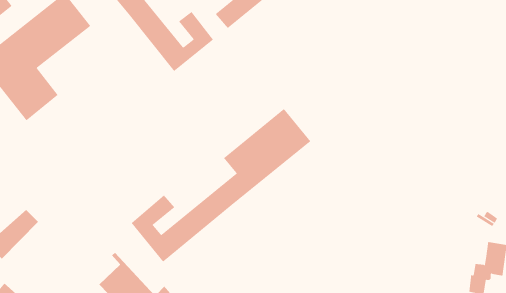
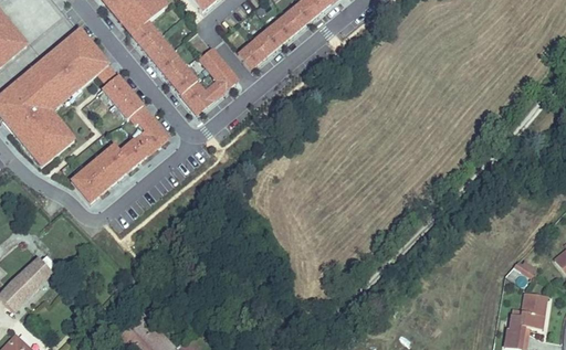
building: none -> [72,75,170,200]
building: [131,108,311,263] -> none

